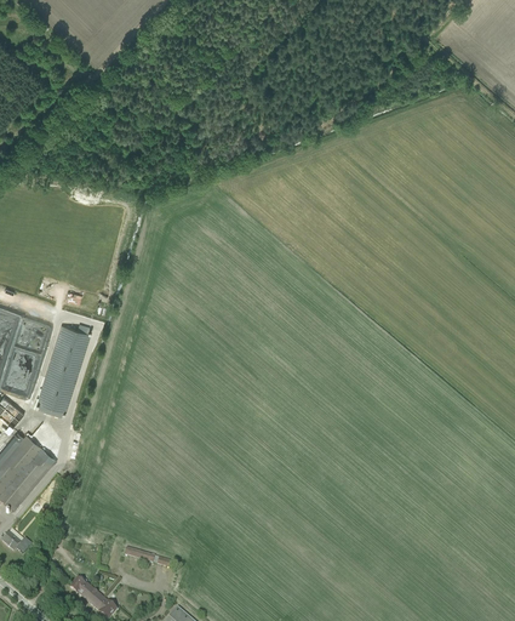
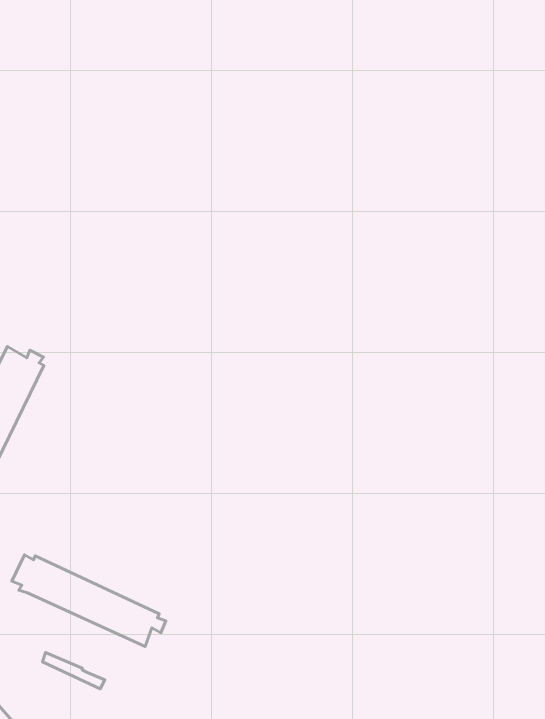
building: none -> [12,555,166,646]

